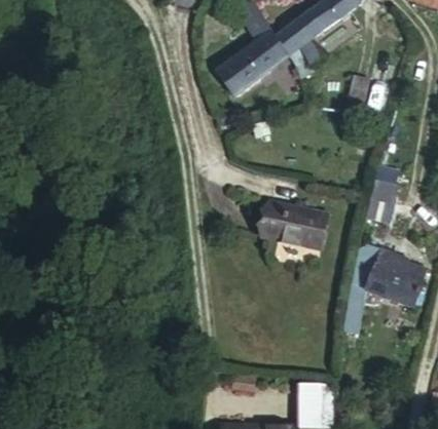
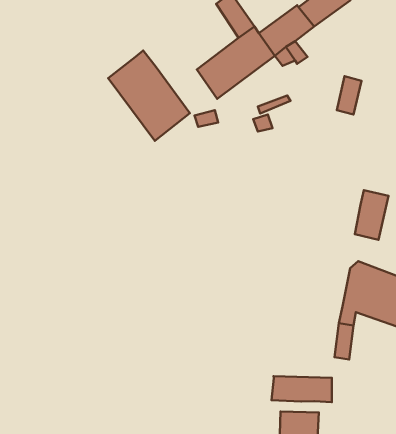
building: none -> [108,51,190,141]
building: [264,200,329,245] -> none
building: none -> [271,376,332,402]

